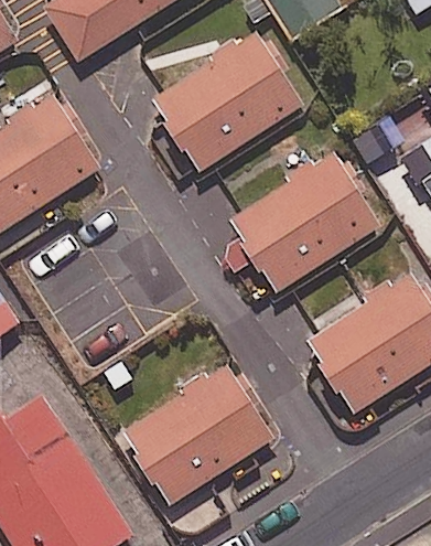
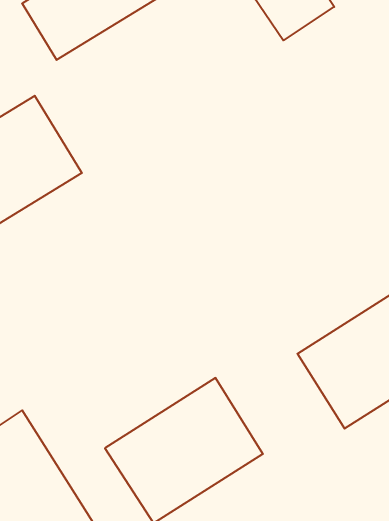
building: [150,31,302,170] -> none
building: [229,153,379,290] -> none

